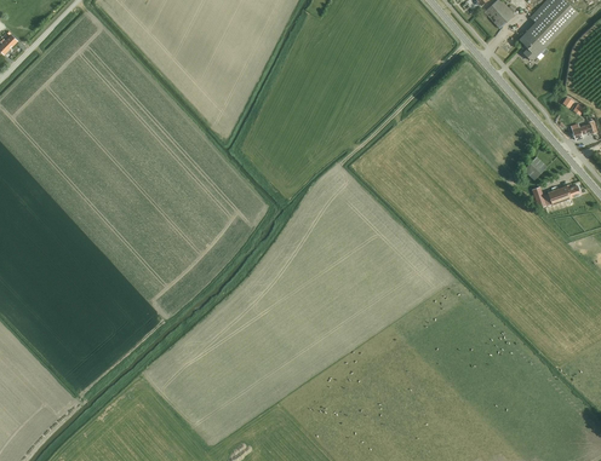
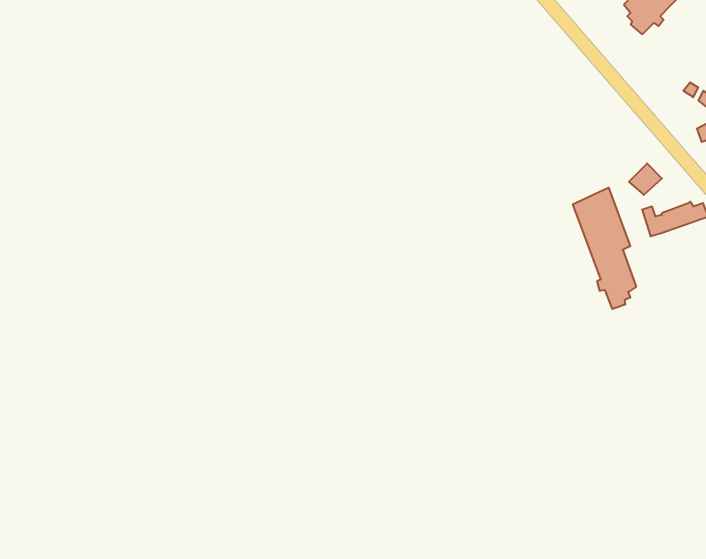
building: none -> [573,188,636,309]

